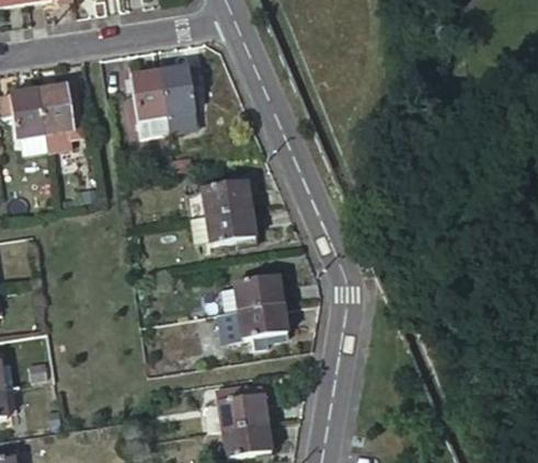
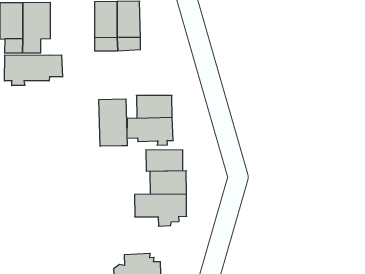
building: none -> [4,55,63,86]
building: none -> [99,99,127,146]
building: none -> [146,150,182,171]

